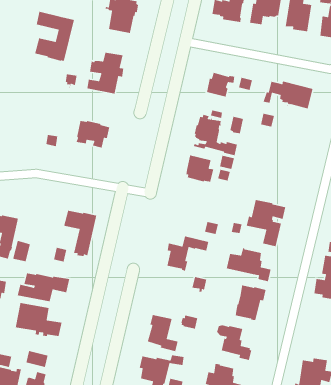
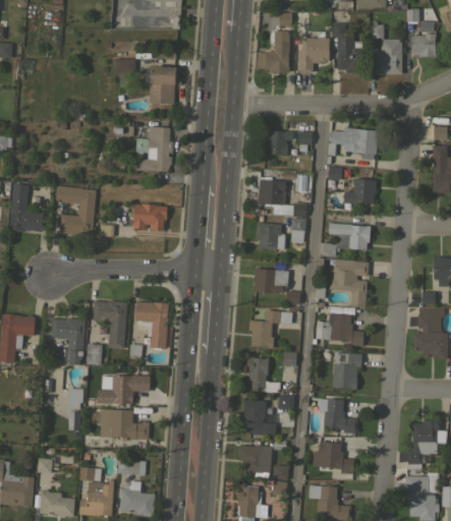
building: [34,11,75,62] -> [56,186,97,237]
building: none -> [344,179,377,204]
building: none -> [323,223,372,256]
building: none -> [255,269,289,293]
building: none -> [93,301,127,349]
building: none -> [246,357,280,393]

